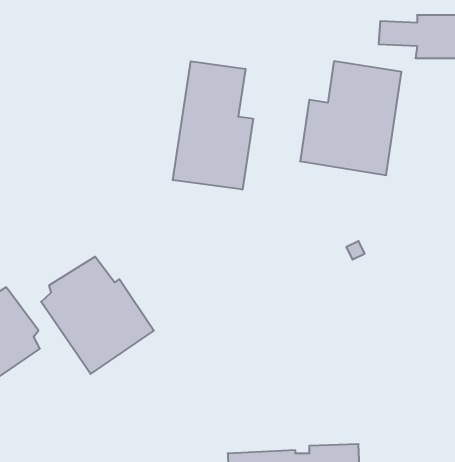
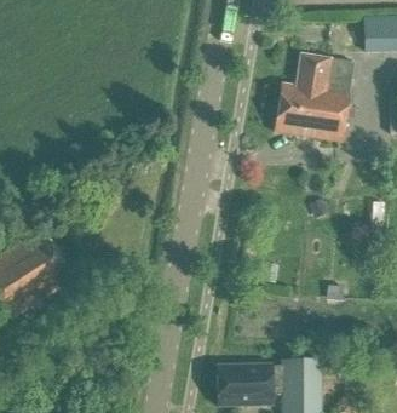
building: [173,61,253,190] -> none
building: [41,257,154,374] -> none

